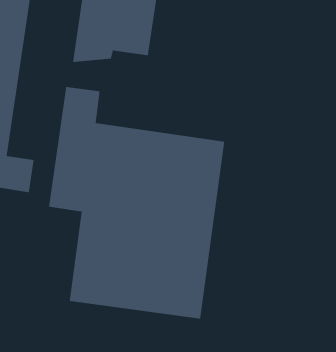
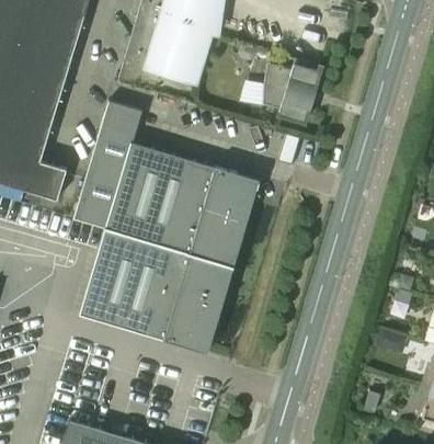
building: none -> [263,58,321,123]

